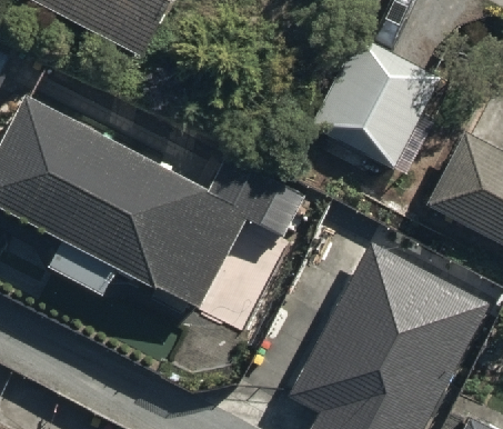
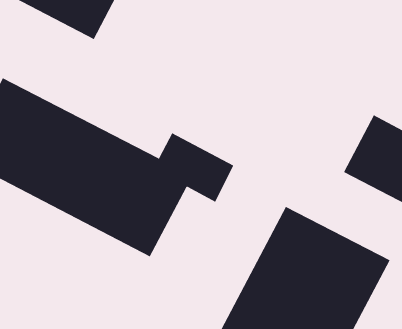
building: [305,38,445,179] -> none

